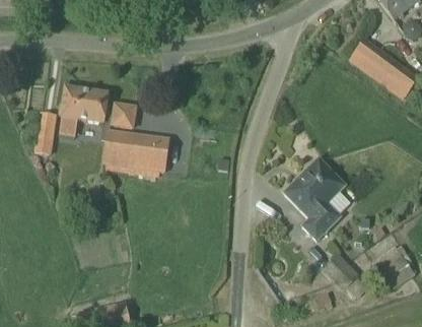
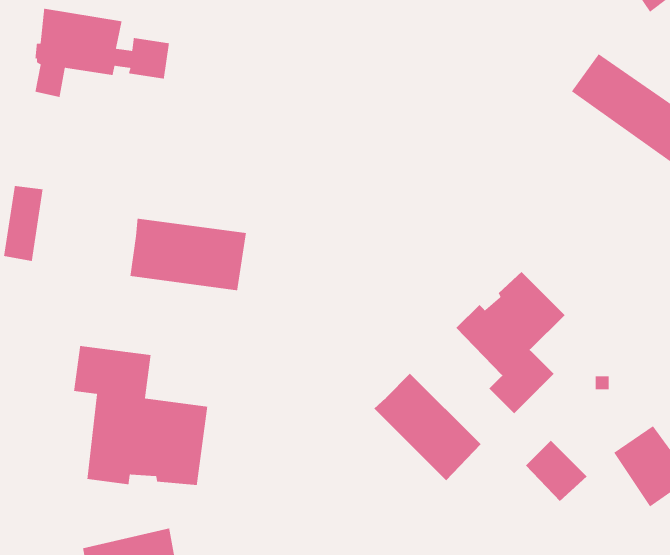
building: [60,87,135,137] -> [34,8,170,98]
building: none -> [73,345,208,486]
building: none -> [373,373,481,481]

